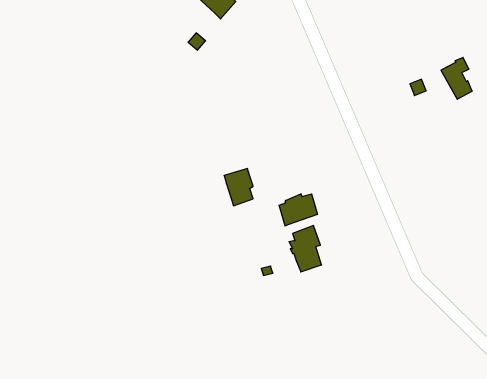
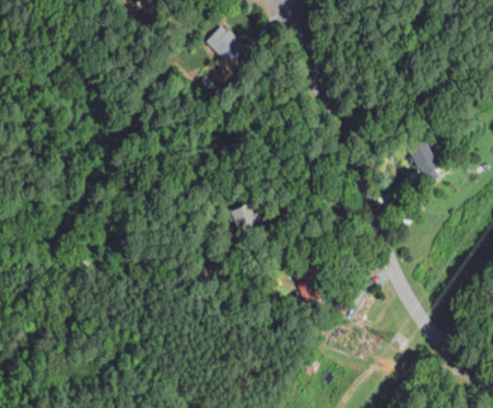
building: [441,57,472,99] -> [409,135,438,174]
building: [279,194,318,226] -> none

